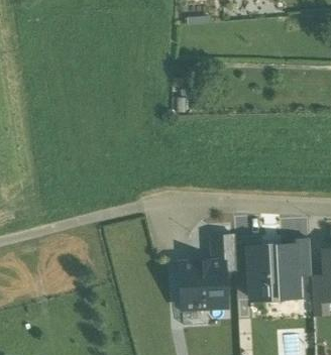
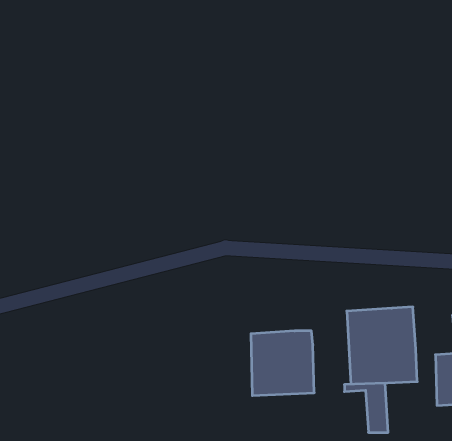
building: [212,236,235,272] -> none
building: [282,240,313,275] -> [344,383,388,432]

